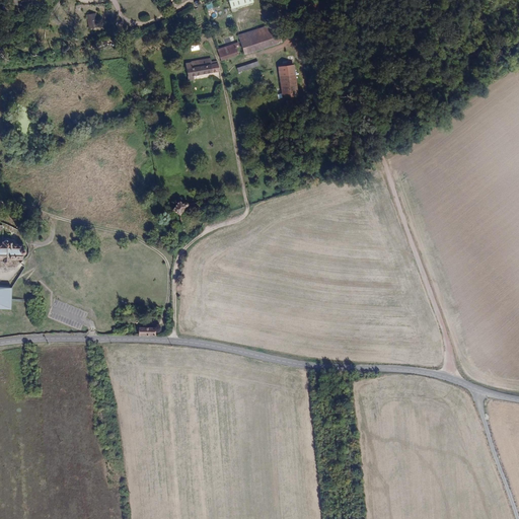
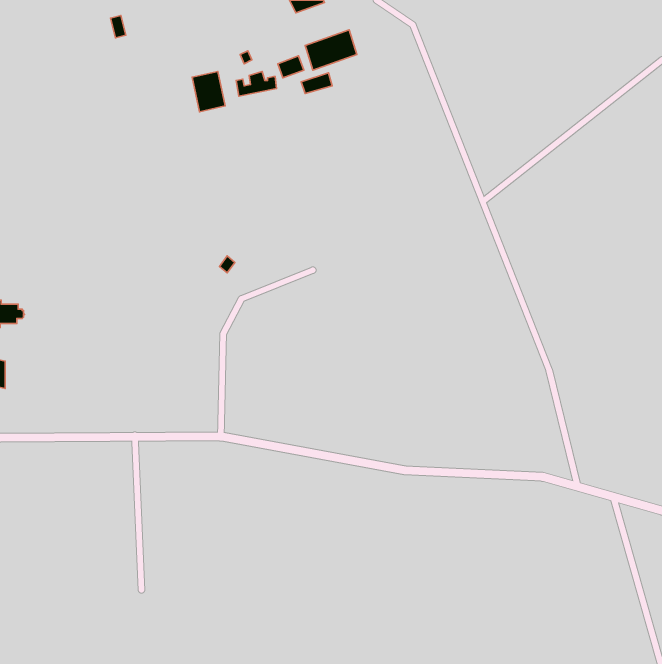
building: none -> [192,71,225,112]
building: [278,65,298,98] -> none

